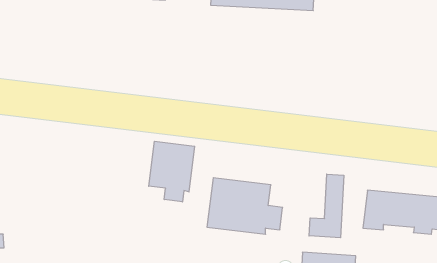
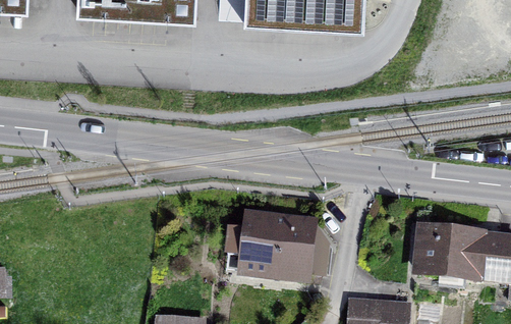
building: [149,141,195,202] -> none
building: [309,174,344,238] -> none

